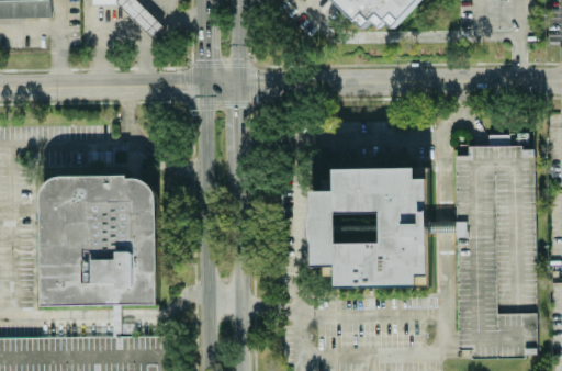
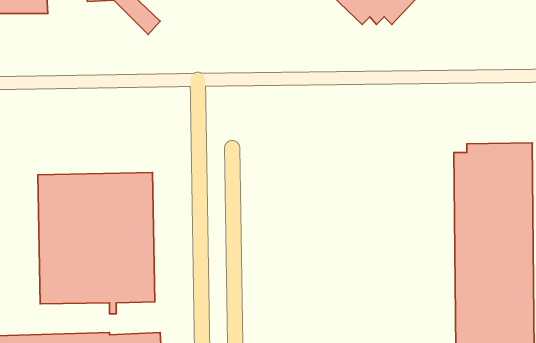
building: [311,167,427,286] -> none

